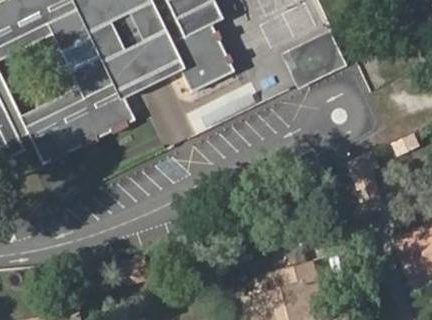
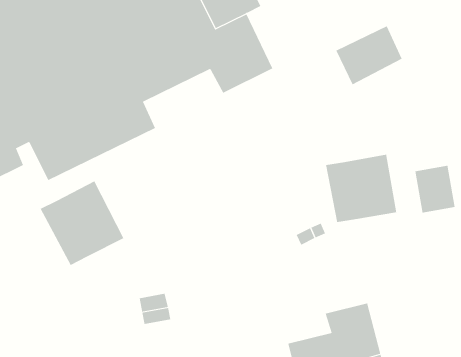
building: none -> [326,154,397,223]
building: none -> [40,180,124,266]

